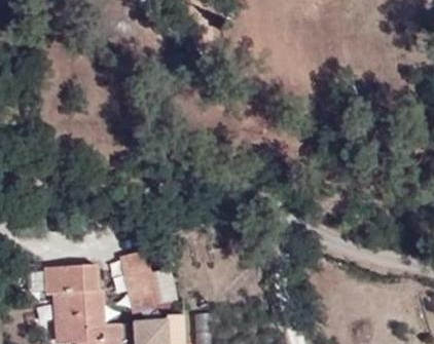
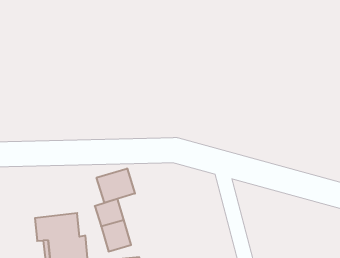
building: none -> [97,168,135,203]

